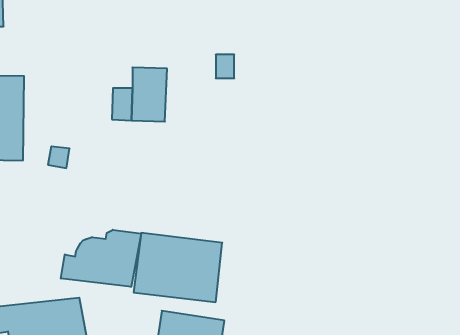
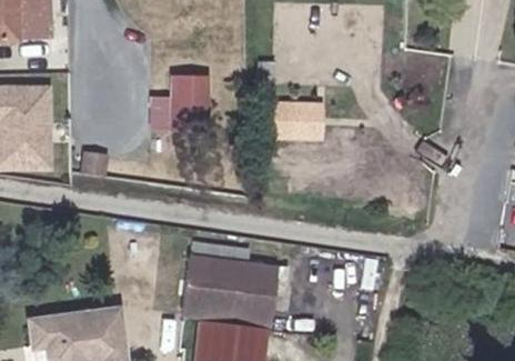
building: none -> [275,108,321,141]
building: [61,230,141,287] -> none

